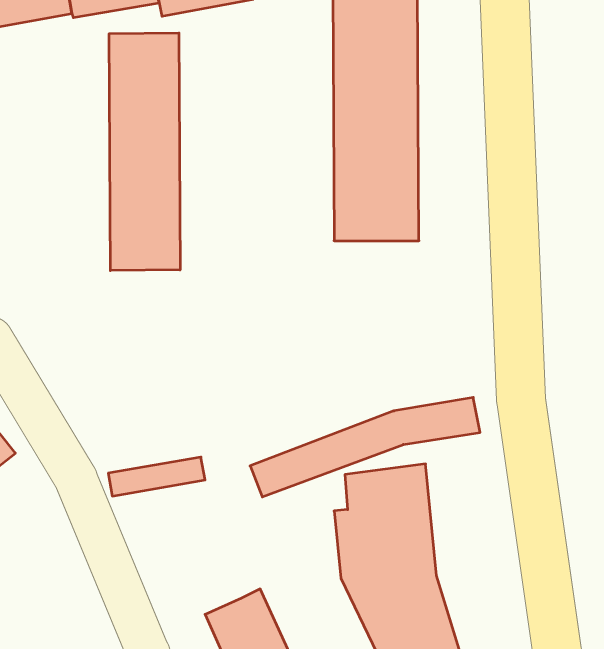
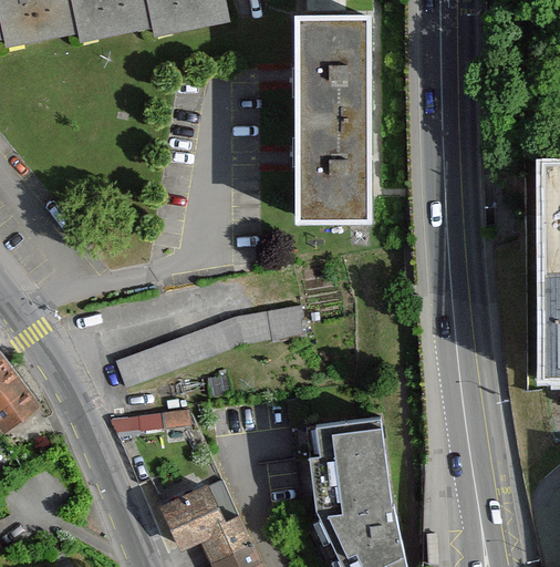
building: [109,33,180,271] -> none
building: [250,397,480,497] -> [115,303,304,385]
building: none -> [154,480,224,544]

